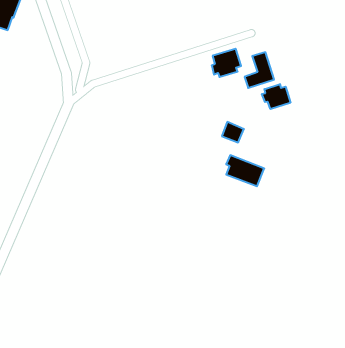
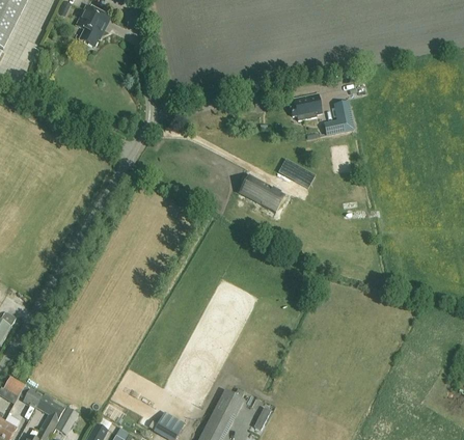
building: [262,84,290,109] -> none
building: [226,155,264,186] -> [246,177,284,212]

